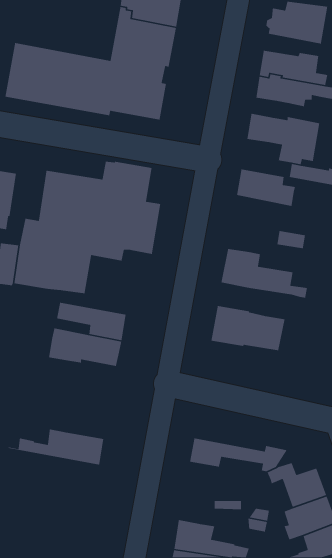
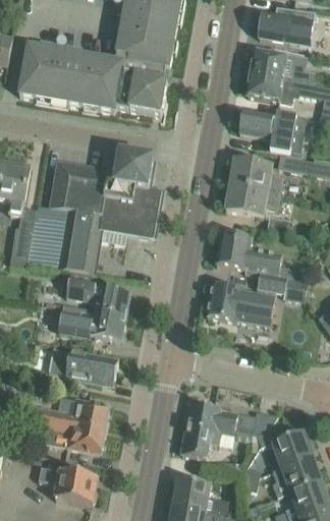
building: none -> [225,183,281,216]
building: none -> [257,271,287,297]
building: none -> [49,348,118,385]
building: none -> [21,413,106,453]
building: none -> [182,421,261,458]
building: none -> [39,466,97,505]

